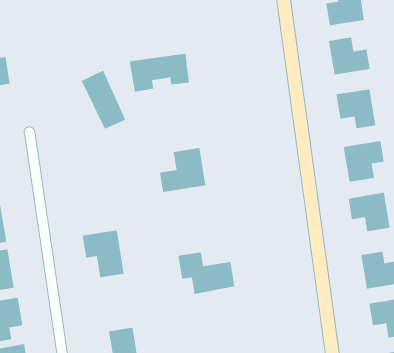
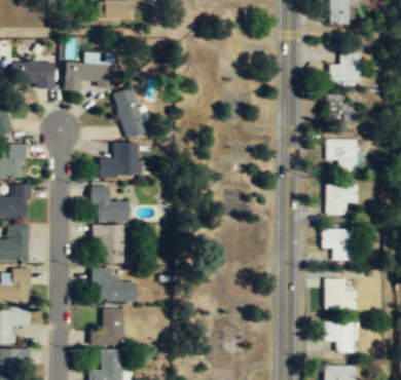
building: [129,53,190,92] -> [65,63,114,89]
building: [159,147,206,193] -> [99,143,137,176]
building: none -> [90,186,130,220]
building: [178,252,235,294] -> [92,267,136,302]

